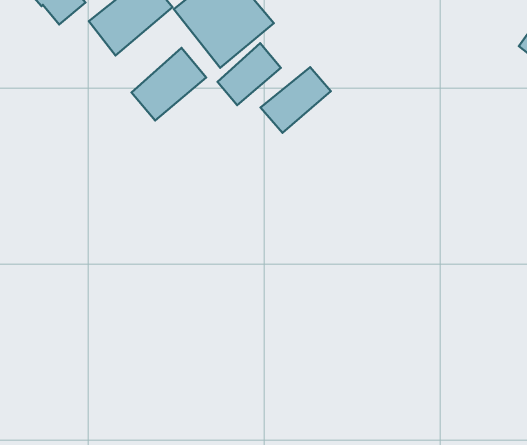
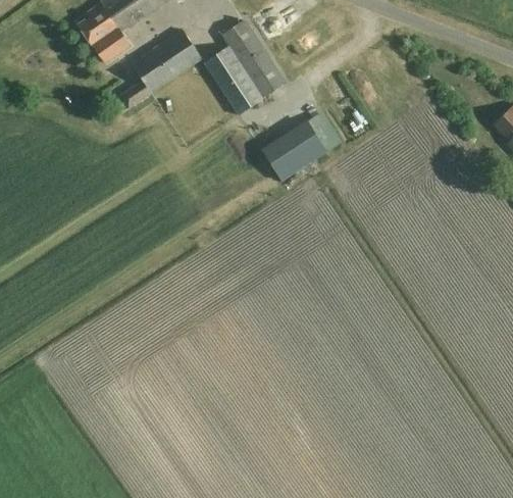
building: [217,43,281,105] -> none
building: [131,48,206,121] -> none

